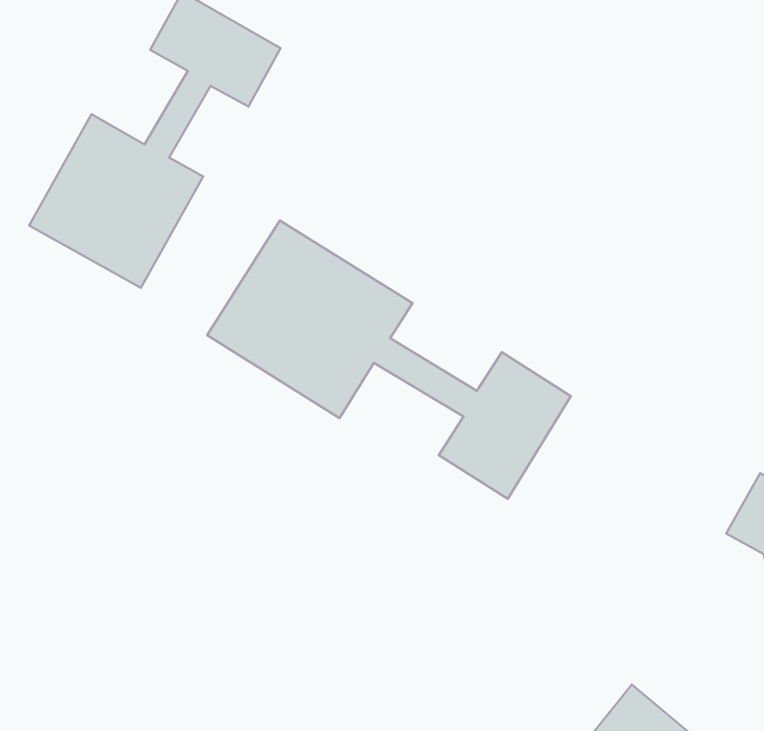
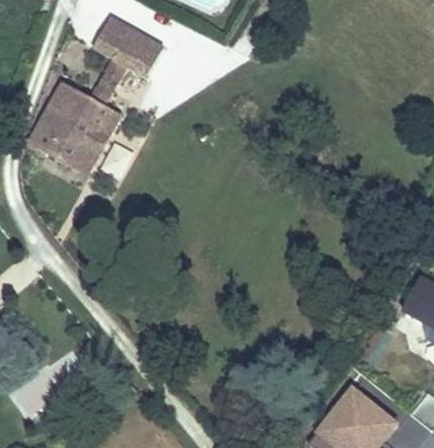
building: [207,221,571,499] -> none

